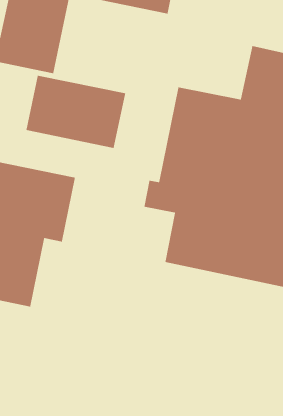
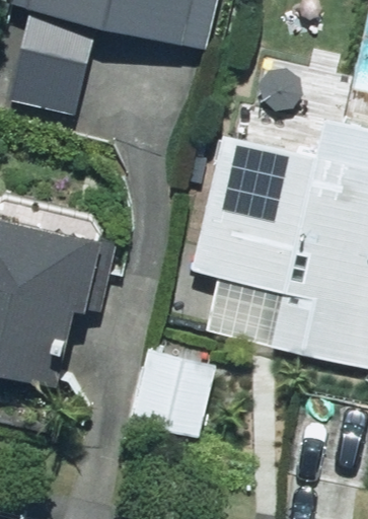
building: [26,75,126,149] -> none
building: none -> [131,346,217,436]

